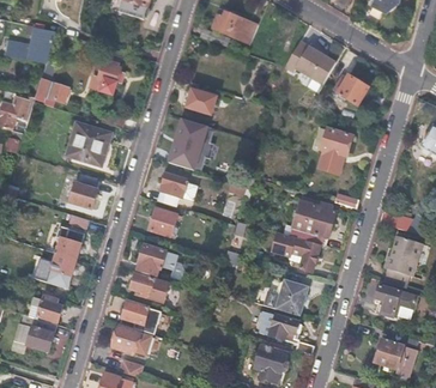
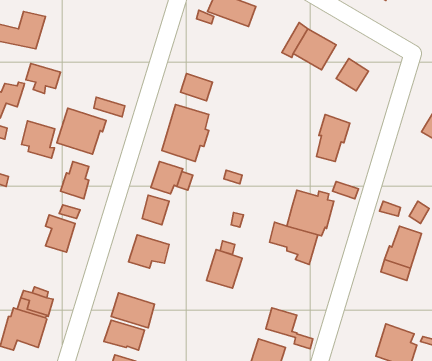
building: [90,55,120,93] -> none
building: none -> [21,121,55,158]
building: [35,254,75,287] -> none
building: [129,272,169,302] -> none
building: [275,278,310,315] -> [206,250,242,288]
building: [375,284,418,316] -> none

